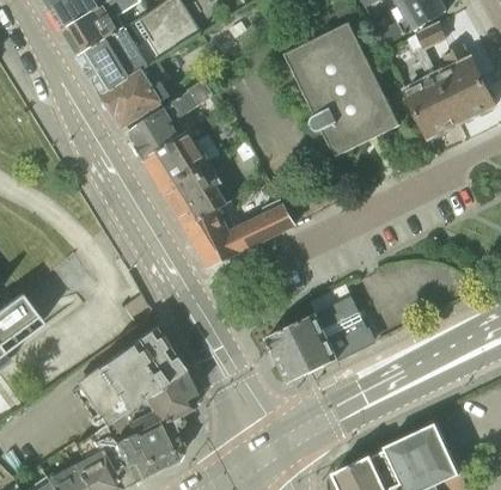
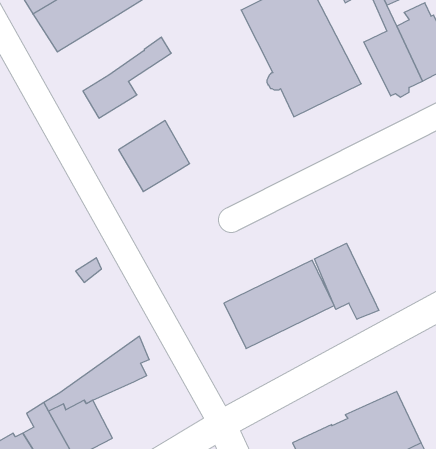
building: [104,61,171,125] -> none
building: [145,124,209,190] -> none
building: [188,206,295,263] -> none
building: none -> [315,243,379,319]
building: [72,326,184,427] -> none
building: [139,416,182,471] -> none

